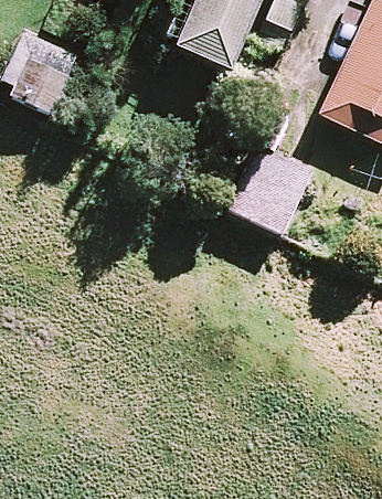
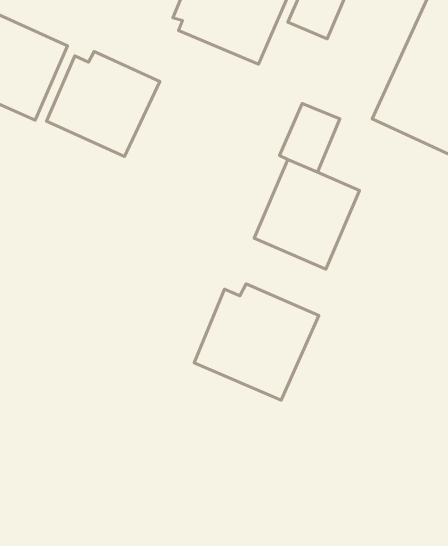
building: none -> [46,51,160,156]
building: none -> [194,284,319,400]

